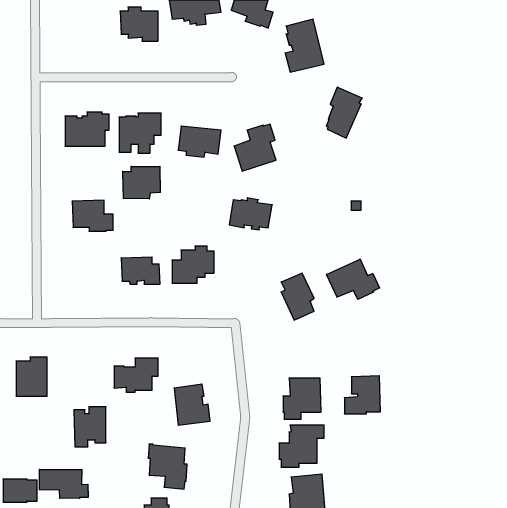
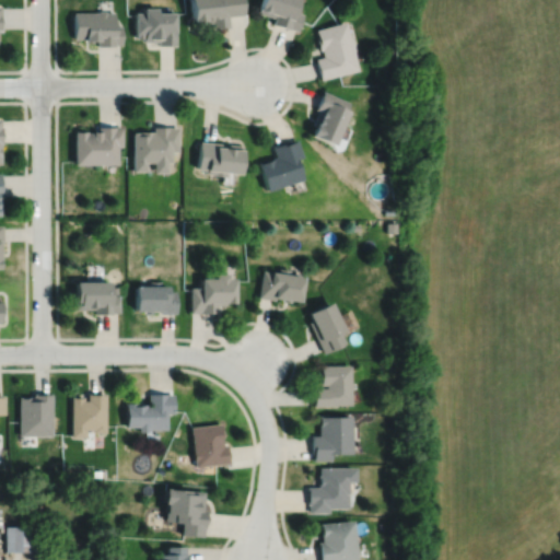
building: none -> [74,13,124,49]
building: [326,87,362,138] -> [313,90,352,145]
building: [123,166,160,199] -> none
building: [229,198,272,230] -> [261,268,308,303]
building: [72,200,113,231] -> [77,280,121,314]
building: [327,259,380,299] -> none
building: [344,376,380,414] -> [315,365,354,407]
building: [74,407,106,447] -> [74,394,109,438]
building: [39,469,88,498] -> none

